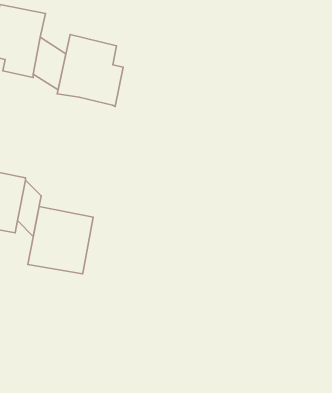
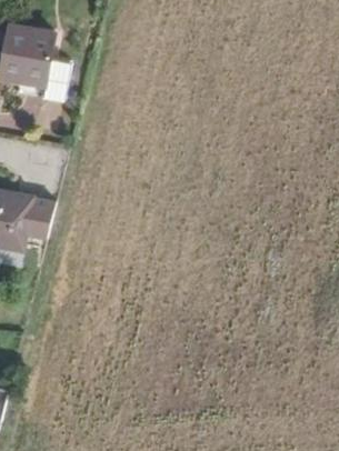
building: [57,35,123,107] -> none
building: [28,206,93,274] -> none

